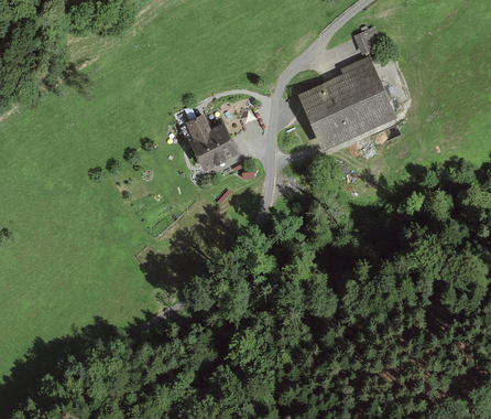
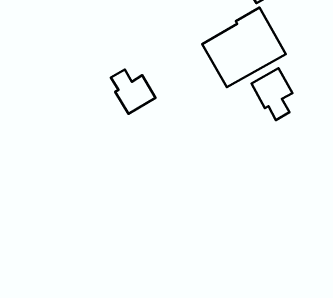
building: none -> [252,68,293,120]

